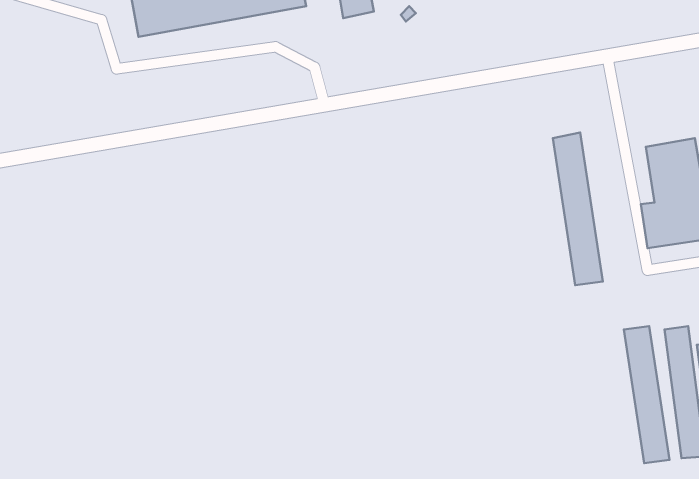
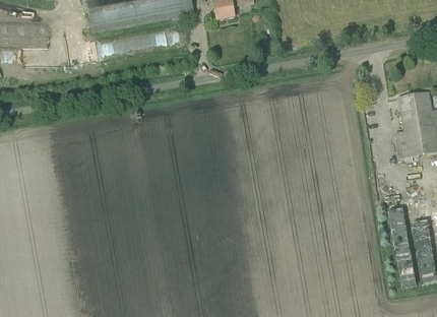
building: [553,133,603,285] -> none

